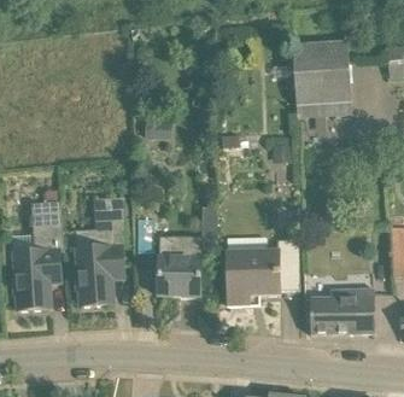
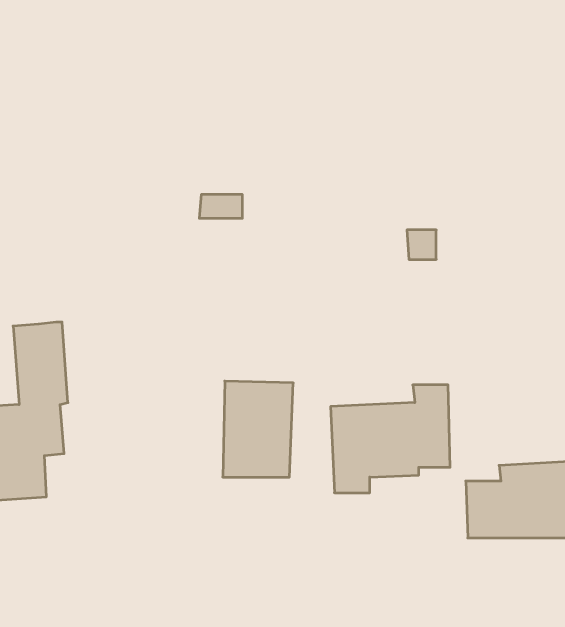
building: [293,40,351,115] -> none
building: [75,197,127,305] -> none

